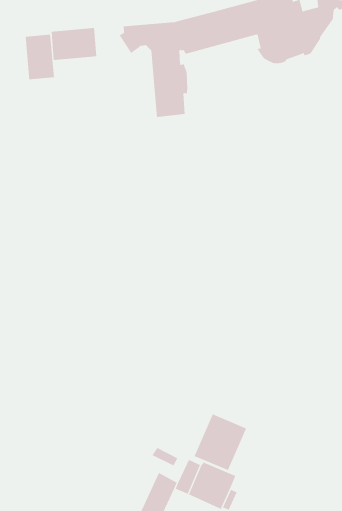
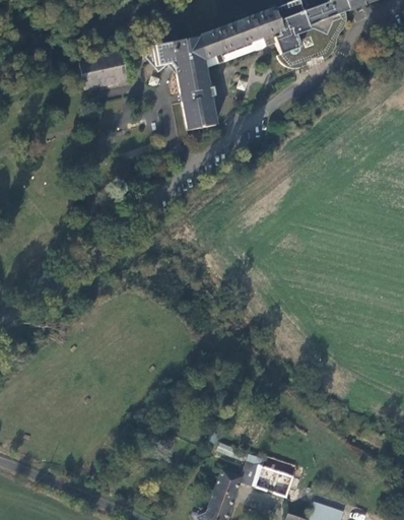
building: [25,34,54,80] -> none
building: [194,414,247,471] -> none

